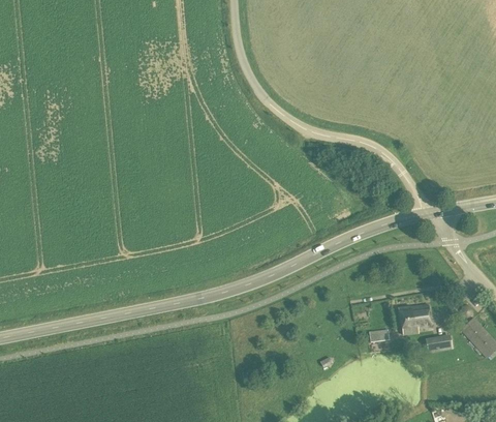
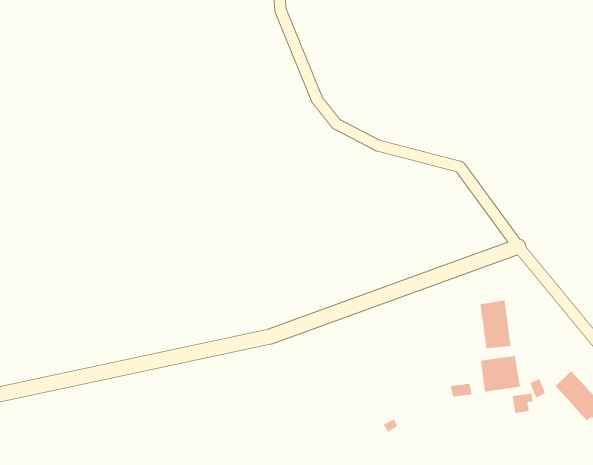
building: none -> [480,300,511,349]

